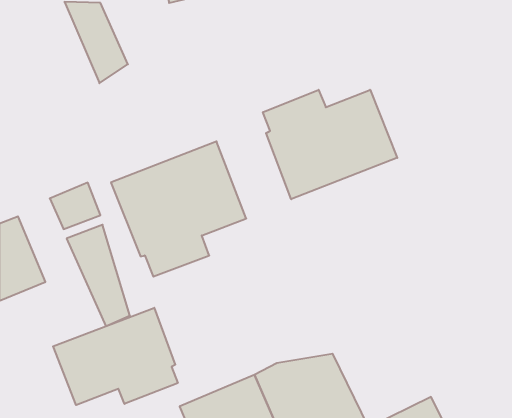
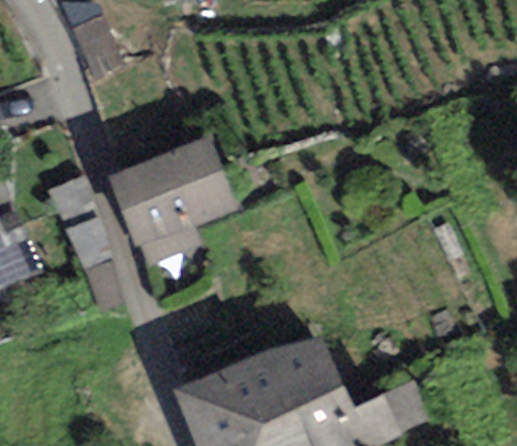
building: [263,90,397,199] -> none
building: [53,308,178,405] -> none

